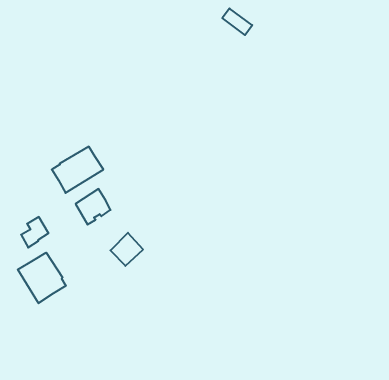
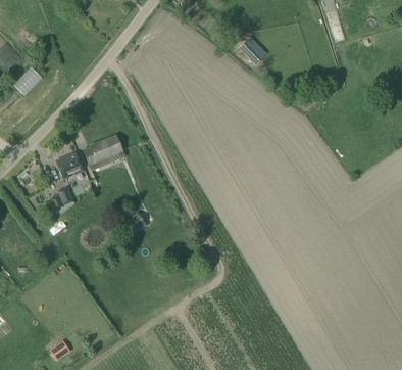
building: [76,189,111,225] -> [55,151,83,179]
building: [18,253,66,303] -> none

